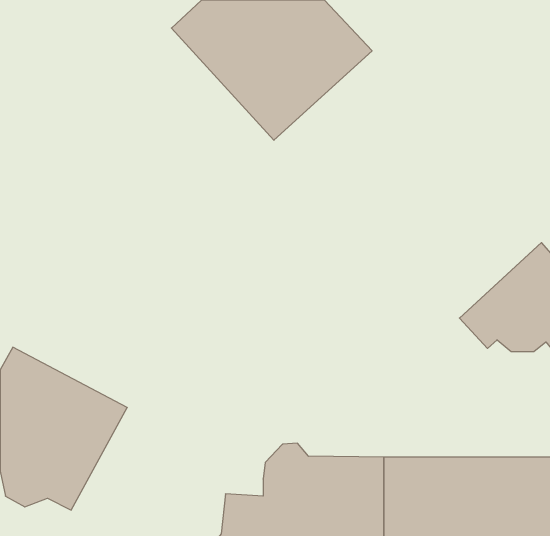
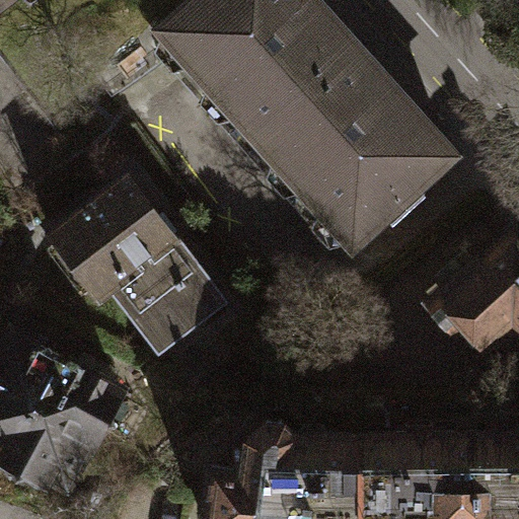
building: none -> [258,62,447,250]
building: none -> [48,182,229,362]

